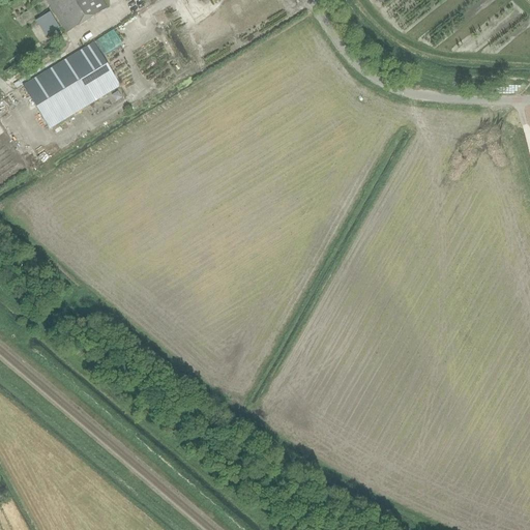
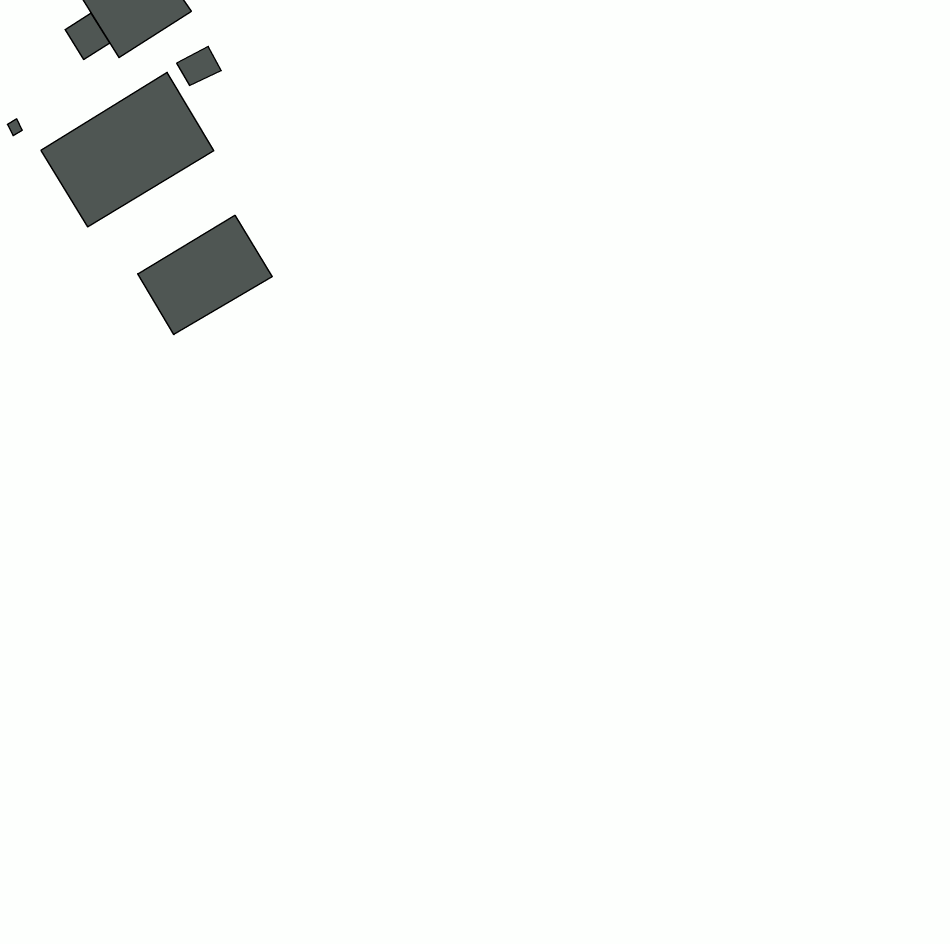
building: none -> [138,215,272,335]

